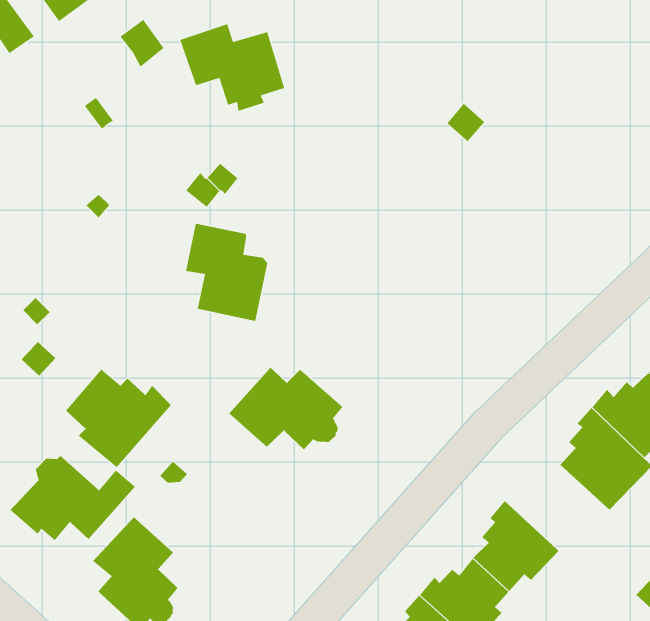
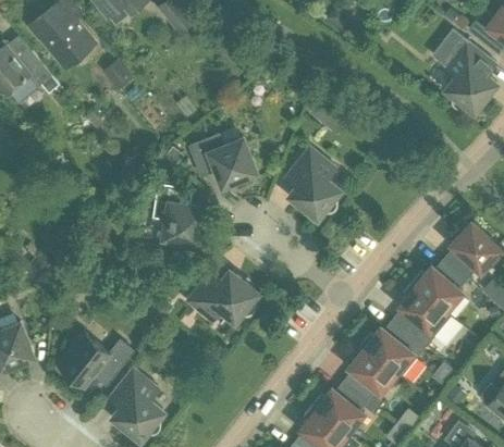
building: [179,23,285,112] -> [189,135,257,189]
building: none -> [285,147,340,218]
building: [65,369,172,468] -> none
building: none -> [361,320,427,376]

